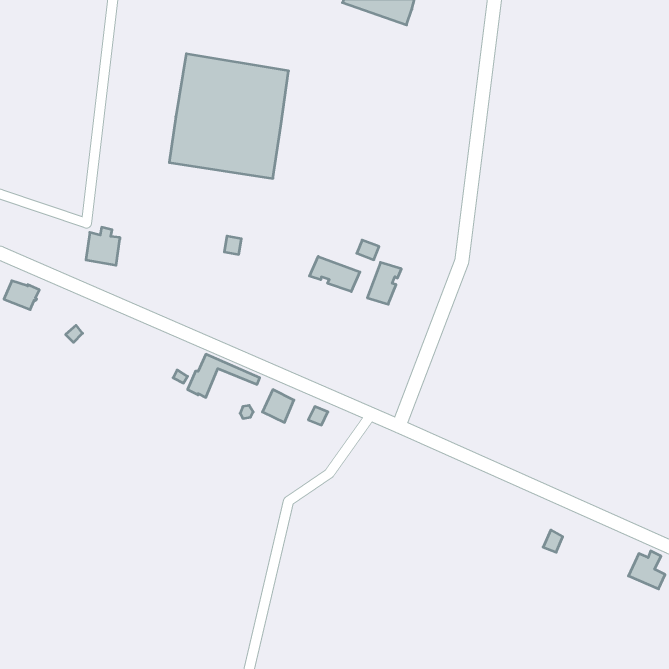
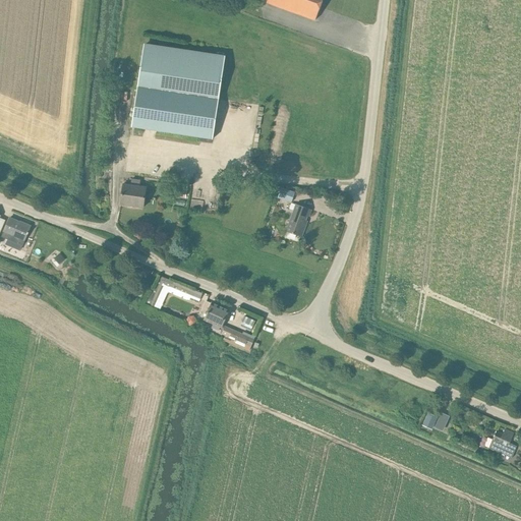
building: [86,227,120,265] -> [120,178,147,208]
building: [309,256,360,292] -> none
building: none -> [222,326,255,350]

